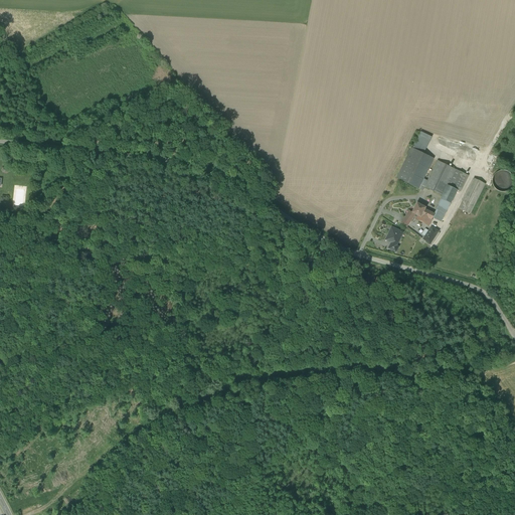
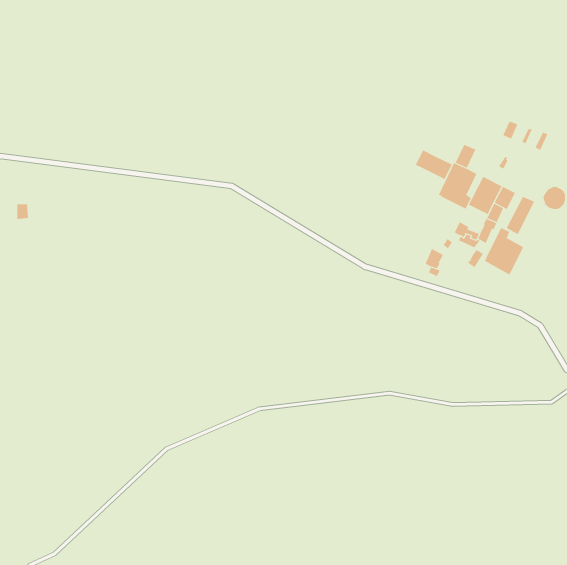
building: none -> [415,149,453,180]
building: none -> [484,227,524,275]

